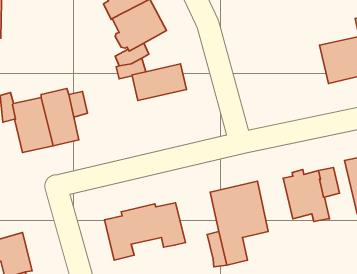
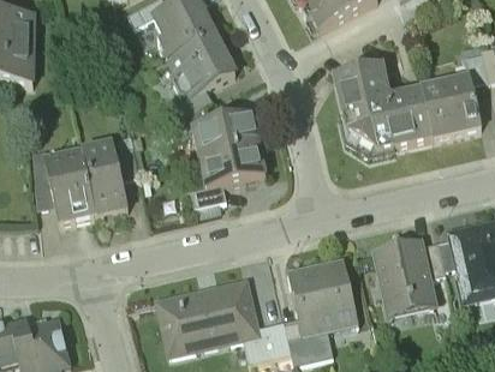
building: none -> [334,65,431,149]
building: none -> [199,144,266,187]
building: none -> [244,319,291,359]

